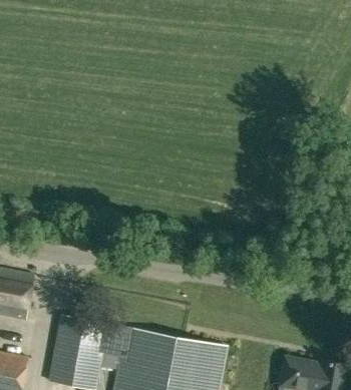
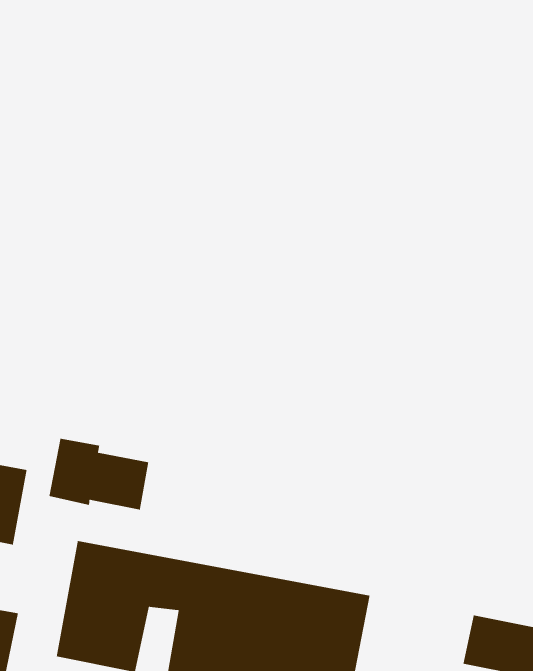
building: none -> [49,438,149,510]

